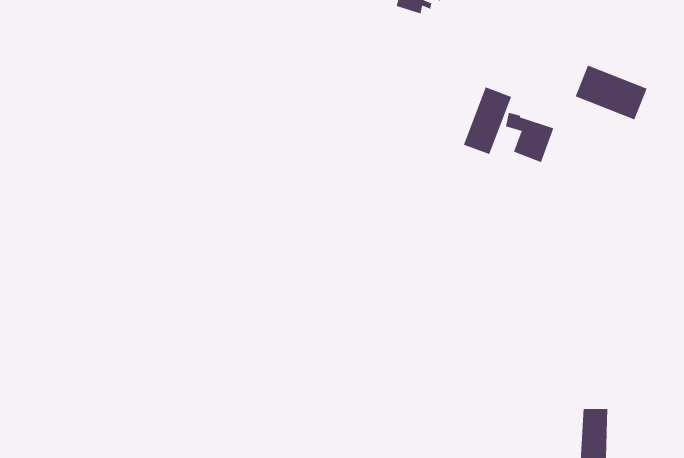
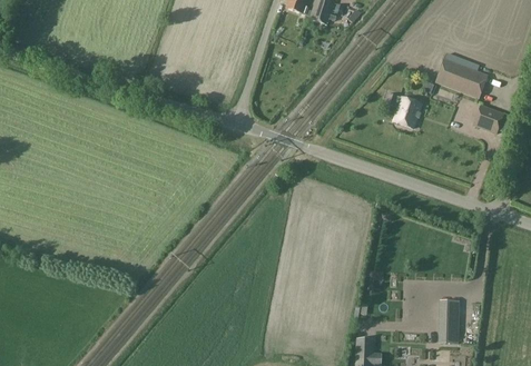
building: [463,87,512,155] -> none
building: none -> [474,103,507,133]

